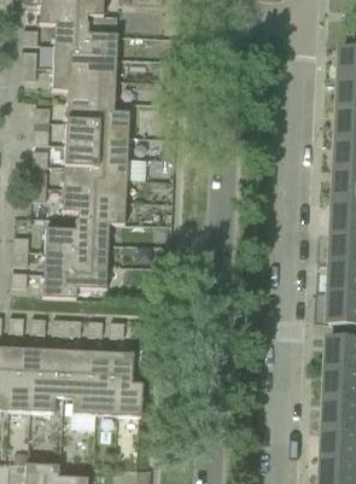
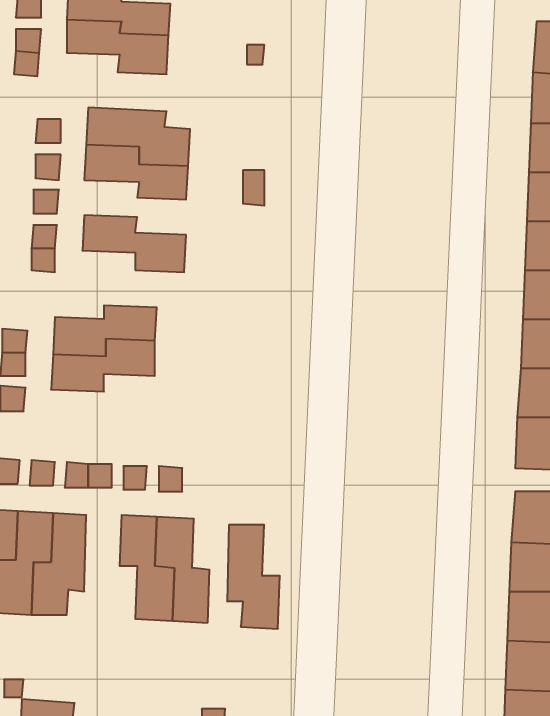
building: [51,66,113,103] -> none
building: [63,145,126,179] -> none
building: [60,188,124,224] -> none
building: [41,264,106,298] -> none
building: [63,351,95,415] -> [227,525,280,629]

